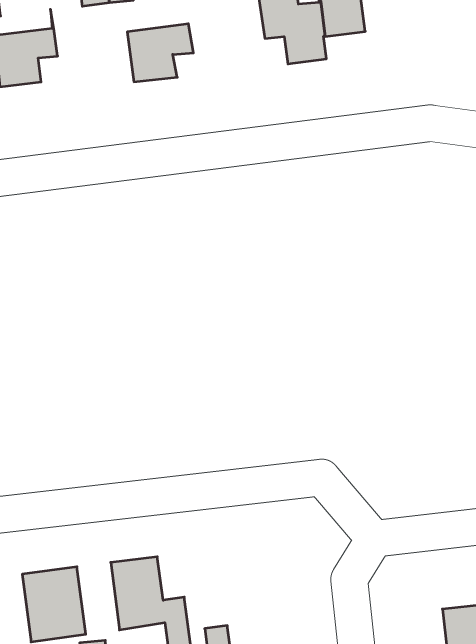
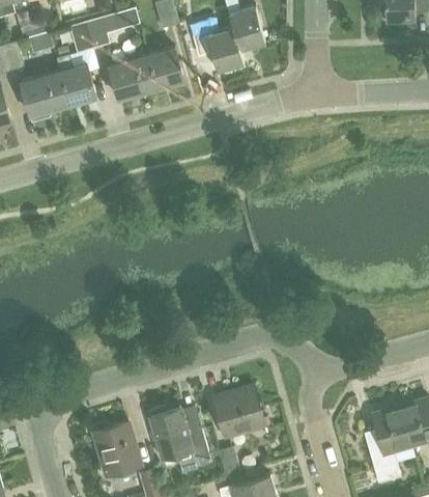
building: none -> [53,56,95,108]
building: none -> [141,48,184,91]
building: none -> [214,387,265,438]

